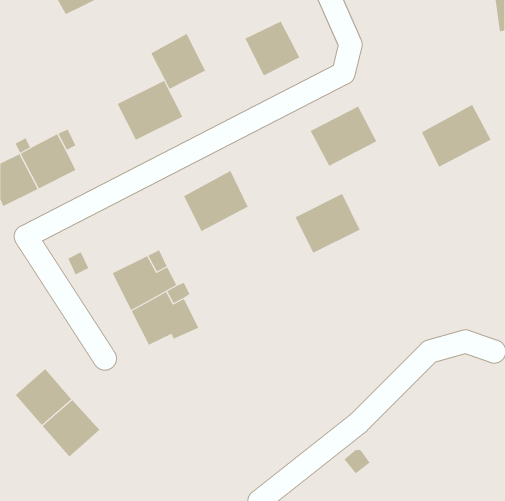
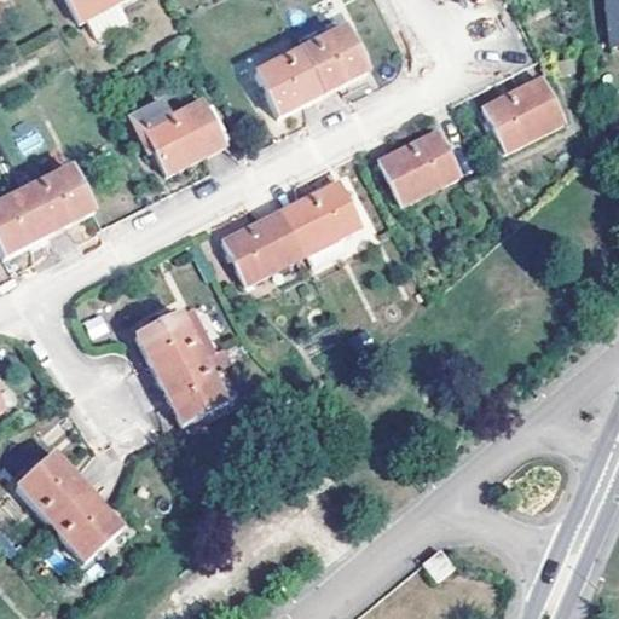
building: [150,33,206,90] -> [254,47,322,116]
building: [421,104,491,168] -> [484,73,569,150]
building: [295,193,360,254] -> [282,179,361,253]

